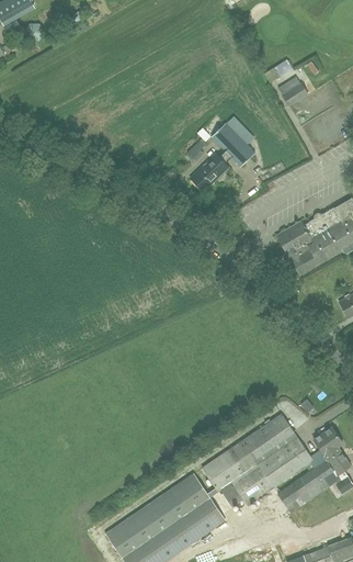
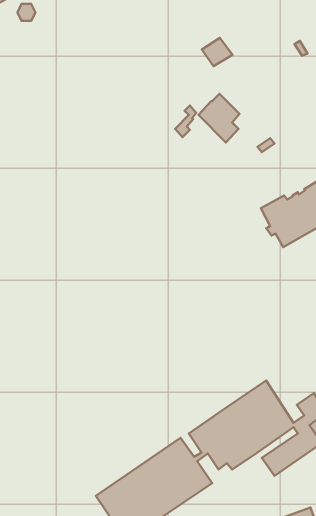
building: [276,76,308,105] -> [202,38,233,66]
building: [190,151,229,191] -> none

